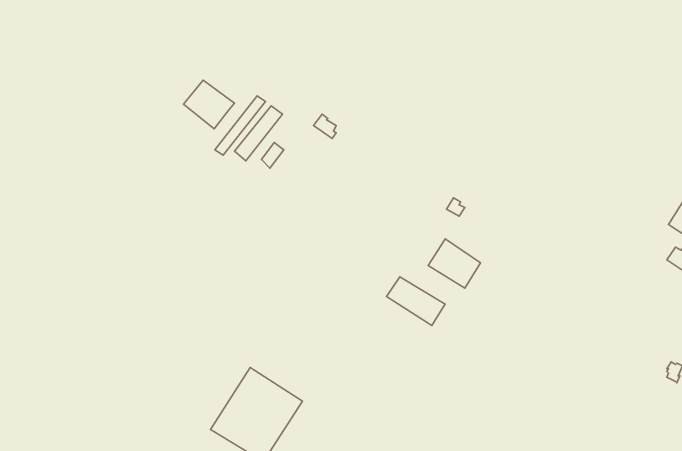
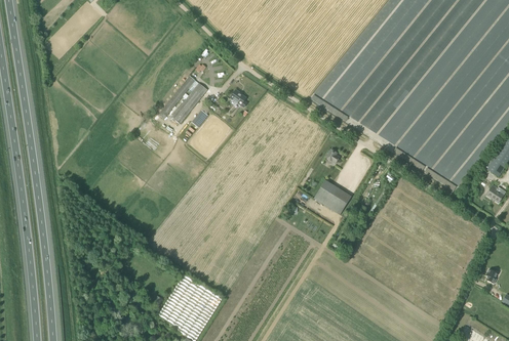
building: [184,80,235,129] -> none
building: [387,277,445,326] -> none

